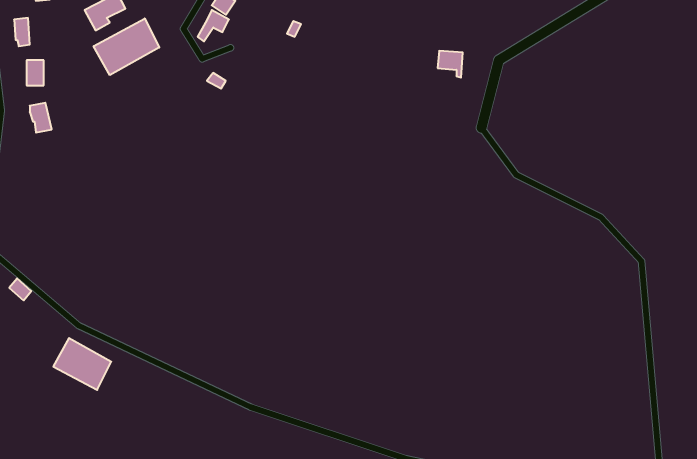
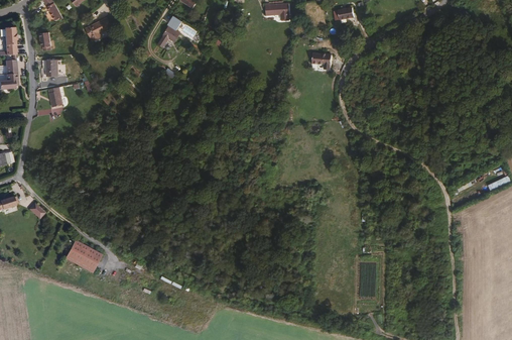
building: [94,18,159,75] -> none

